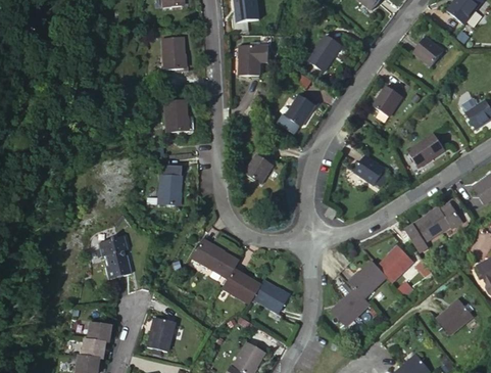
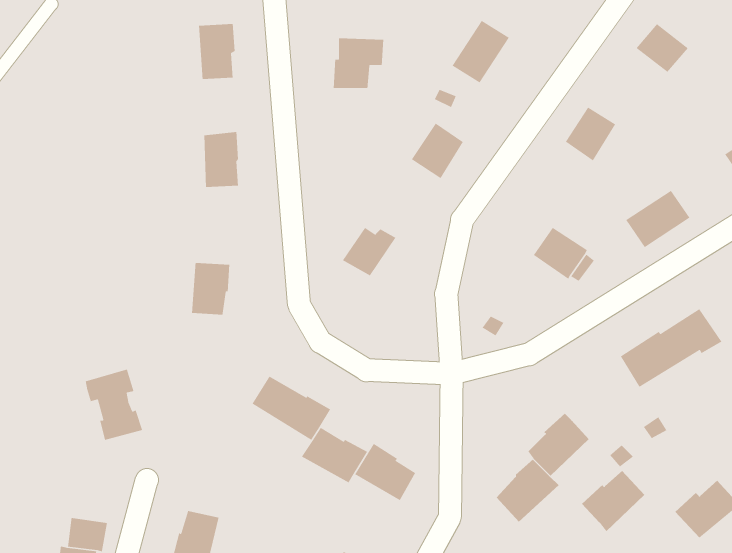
building: [378,246,414,282] -> [581,470,645,532]

